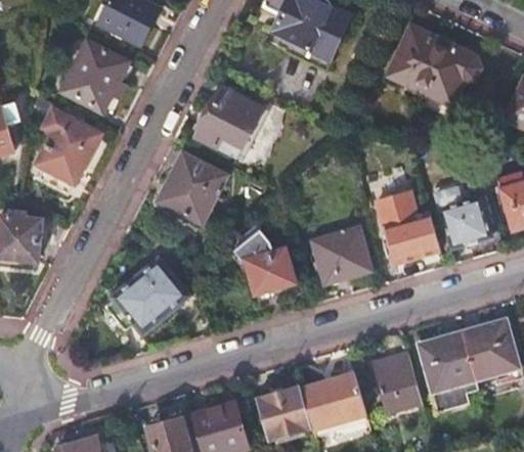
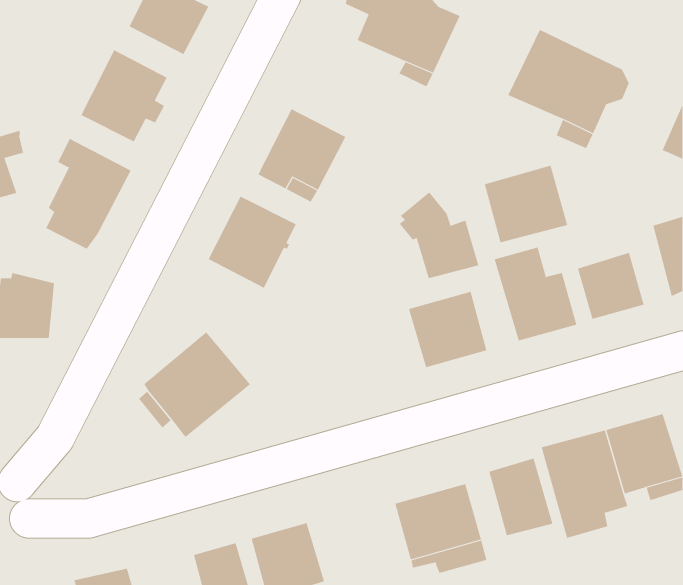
building: none -> [484,165,568,243]
building: [233,226,295,292] -> [399,192,479,279]
building: [255,385,312,440] -> none

